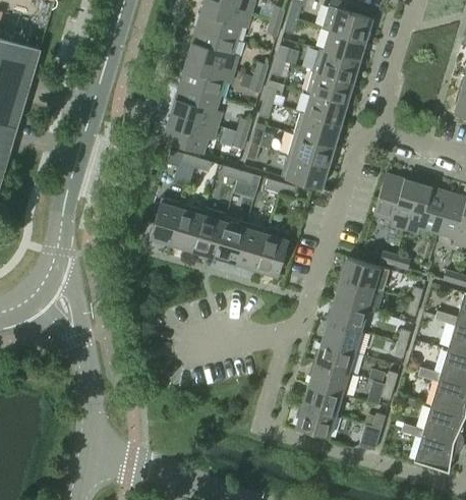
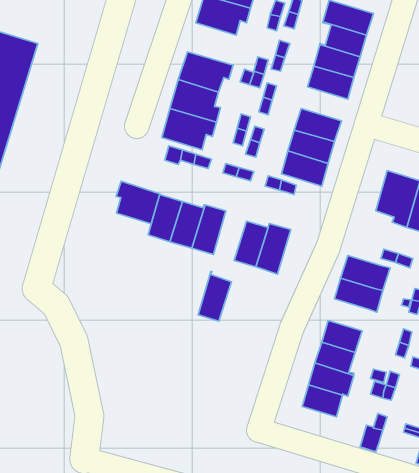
building: [188,29,238,70] -> none
building: [300,92,346,125] -> none
building: none -> [116,181,160,224]
building: [214,214,246,263] -> [198,271,231,321]
building: [327,300,366,332] -> none
building: [295,406,335,437] -> none

